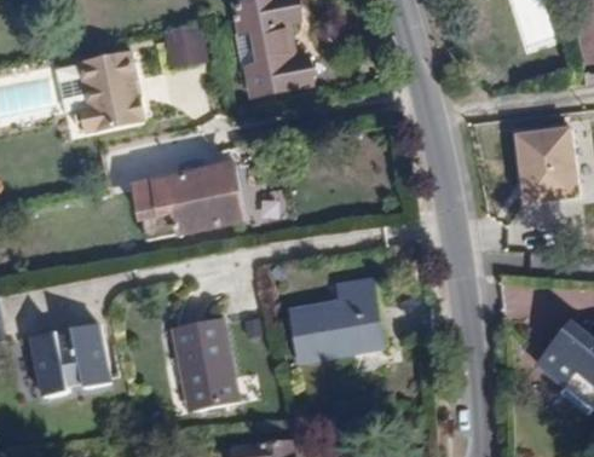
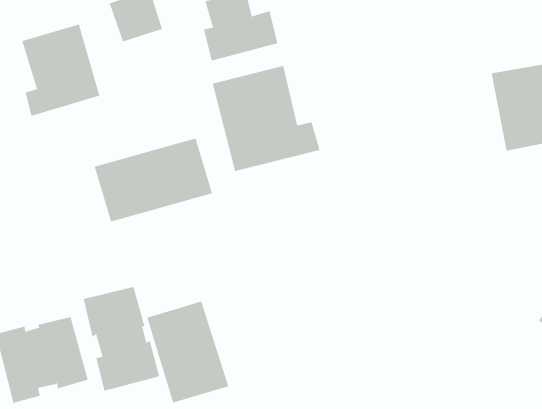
building: none -> [212,65,320,172]
building: [289,271,386,363] -> none
building: none -> [83,286,160,392]

